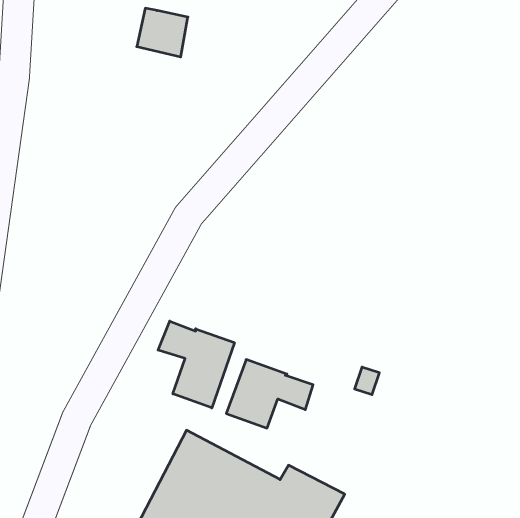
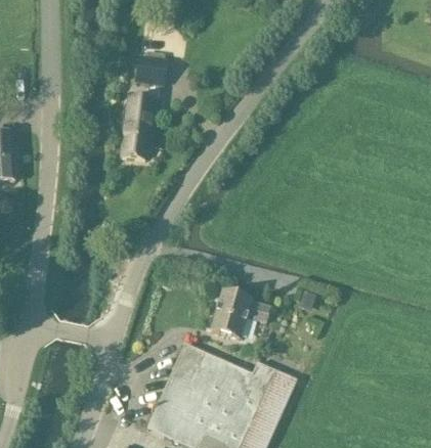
building: none -> [120,97,149,159]
building: [158,321,234,408] -> none

